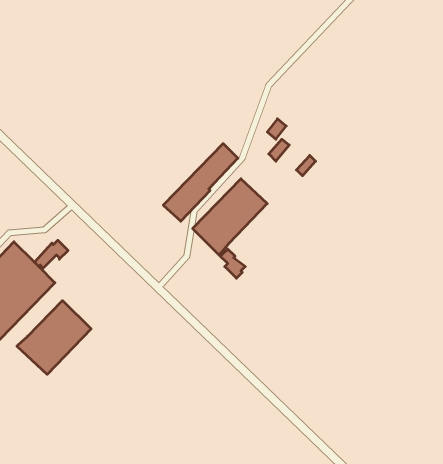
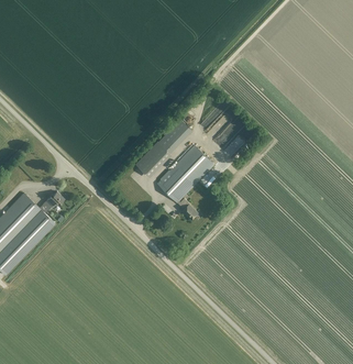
building: [17,301,91,374] -> none

